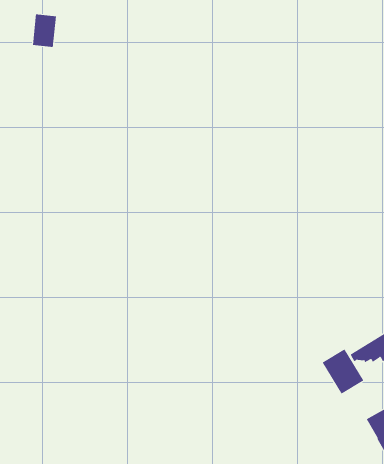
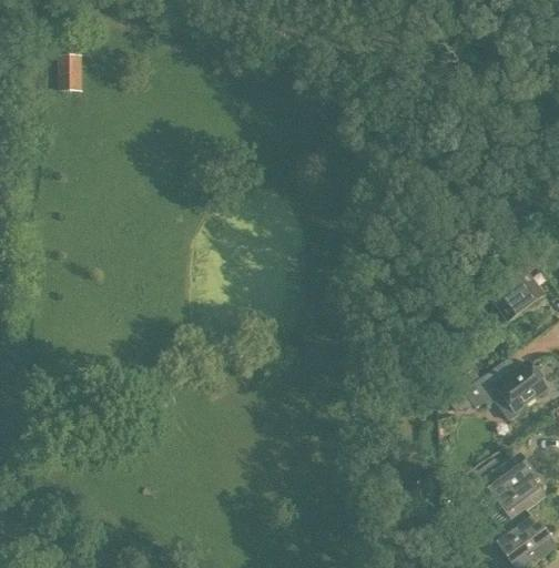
building: [322,348,364,394] -> none

